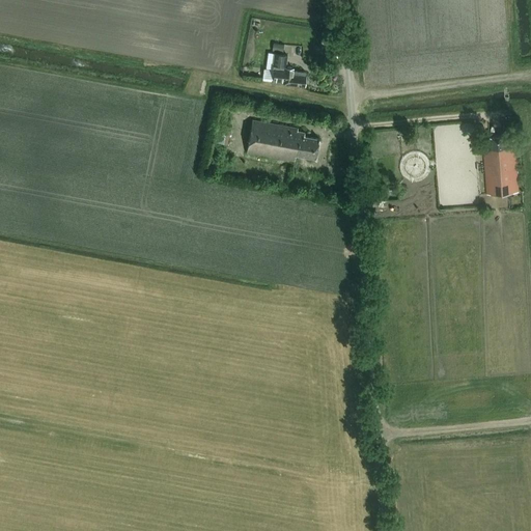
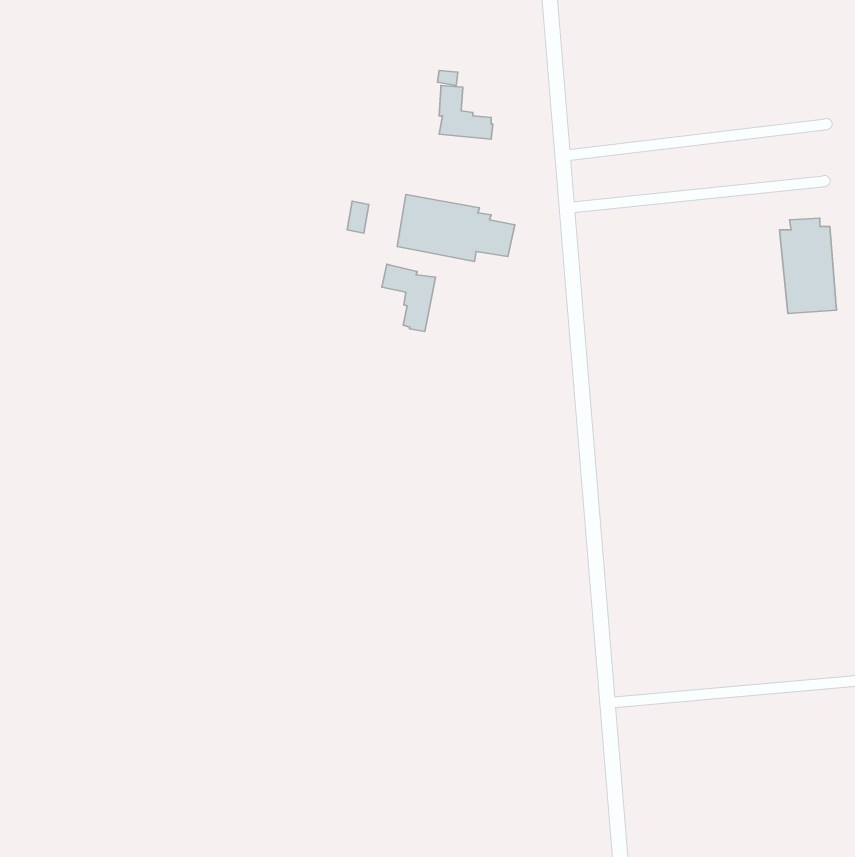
building: none -> [382,264,435,332]

